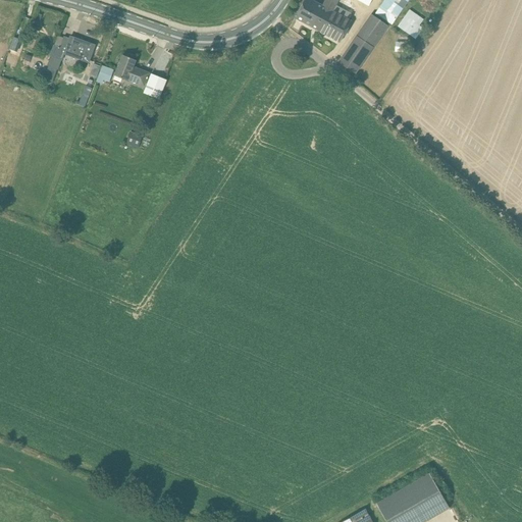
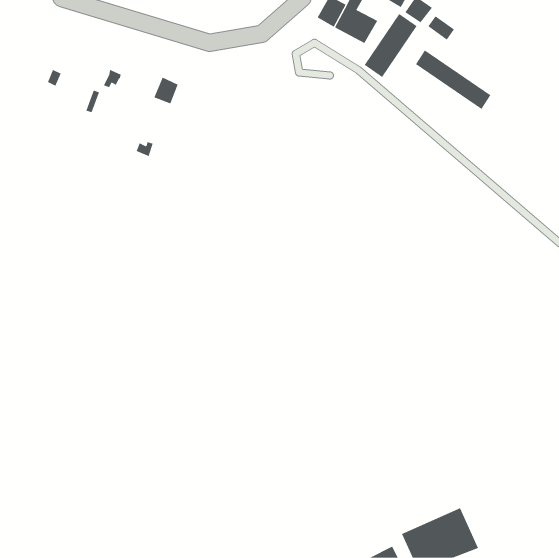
building: [50,35,96,61] -> none
building: none -> [415,50,491,110]
building: [115,53,150,84] -> none

